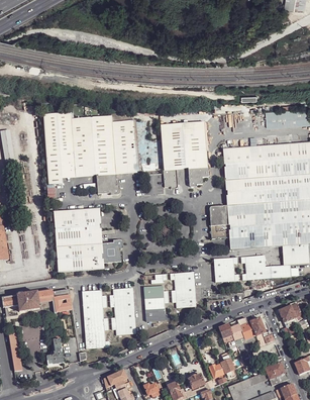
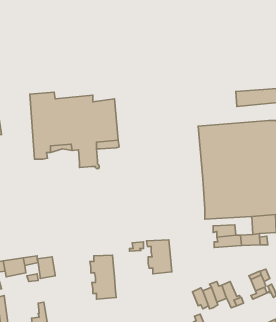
building: [161,125,209,190] -> none
building: [211,206,232,239] -> none
building: [51,209,123,274] -> none
building: [214,257,239,282] -> none
building: [143,285,170,321] -> none
building: [82,290,109,348] -> none

